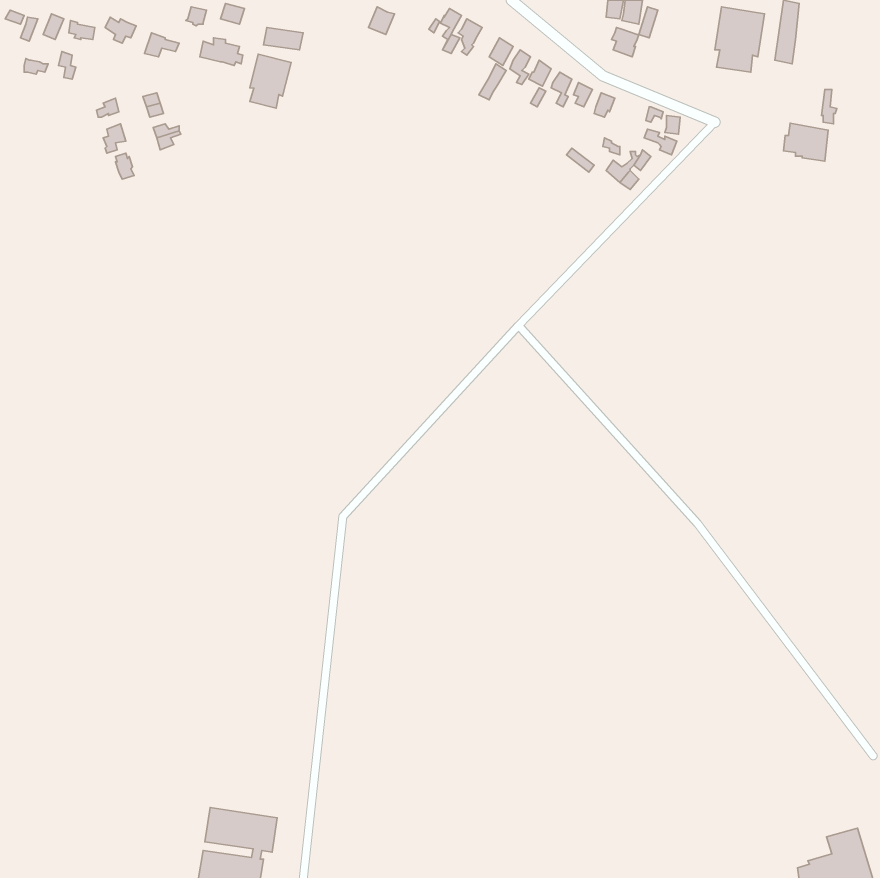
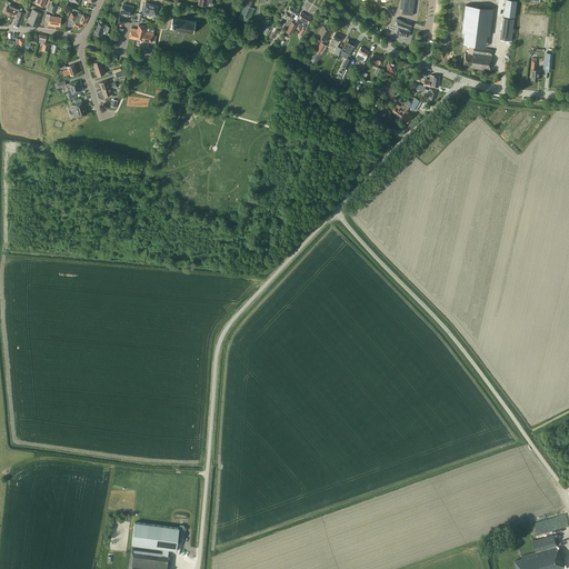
building: [250,54,291,108] -> none
building: [783,123,828,161] -> [463,47,492,71]

